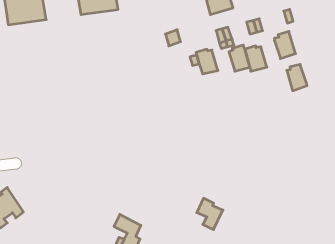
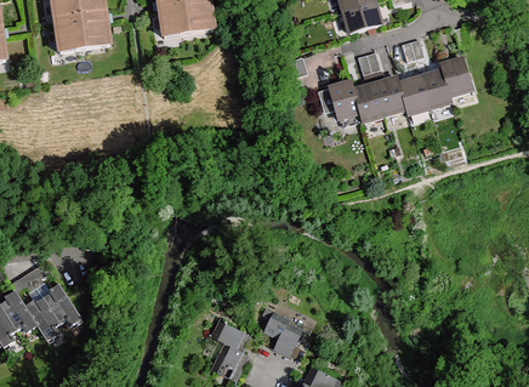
building: none -> [352,86,383,123]
building: [287,64,307,91] -> [421,72,450,109]
building: [197,198,223,230] -> [263,312,301,357]

